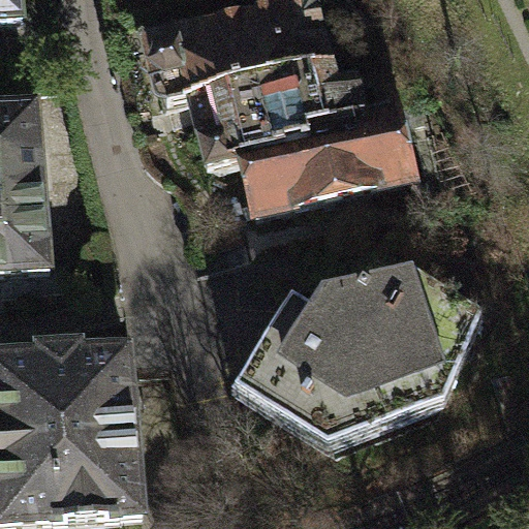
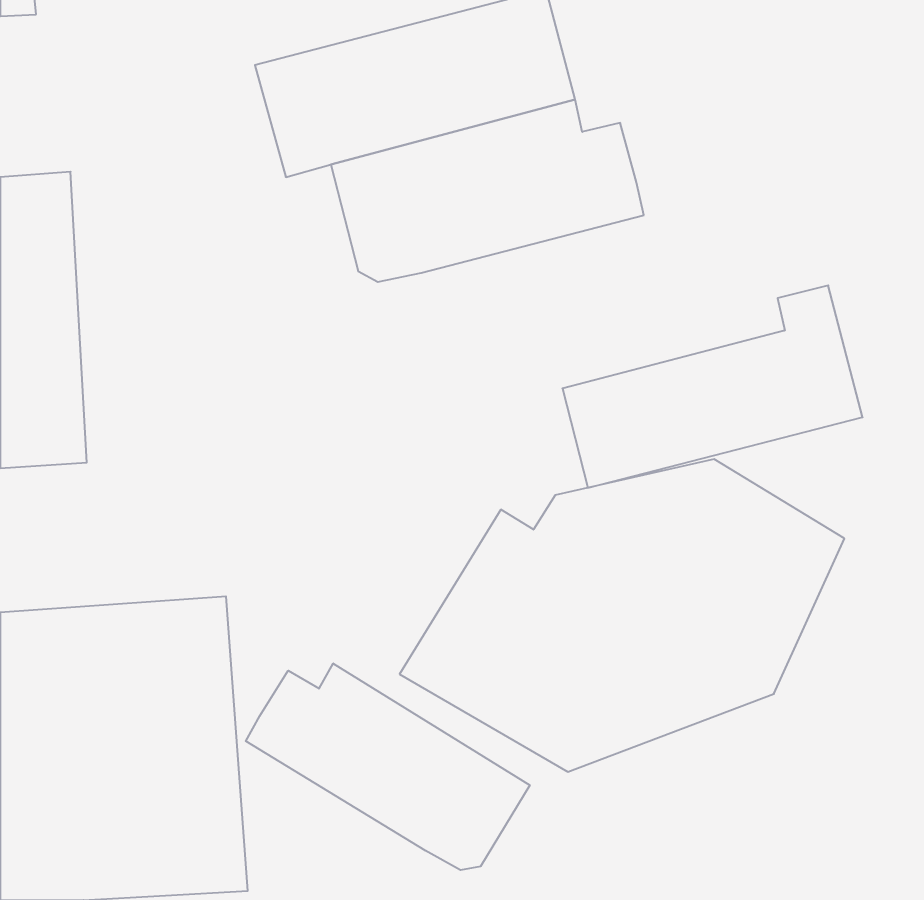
building: [241,97,412,213] -> [562,285,863,488]
building: none -> [246,663,530,870]

